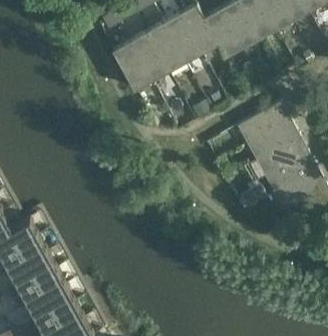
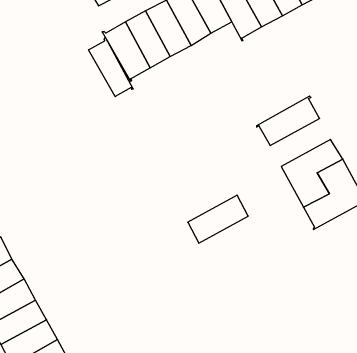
building: none -> [89,37,133,97]
building: [244,124,293,163] -> [188,195,248,243]

